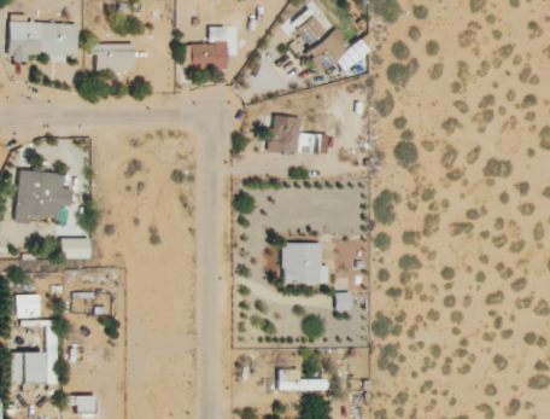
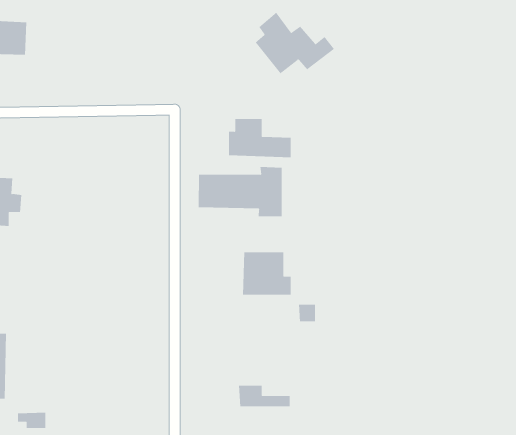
building: [191,27,227,69] -> none
building: [90,43,134,70] -> none
building: none -> [198,166,282,217]
building: [60,238,89,258] -> none

